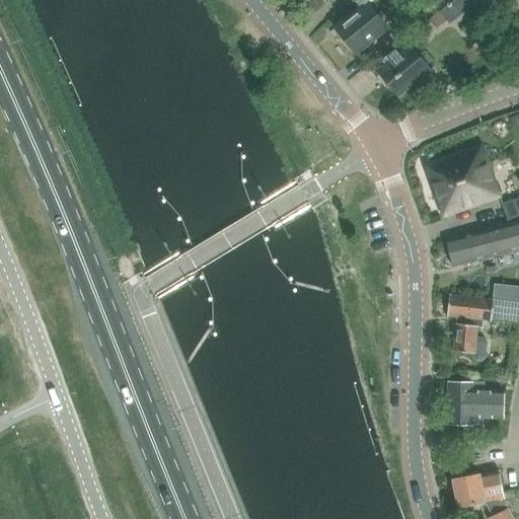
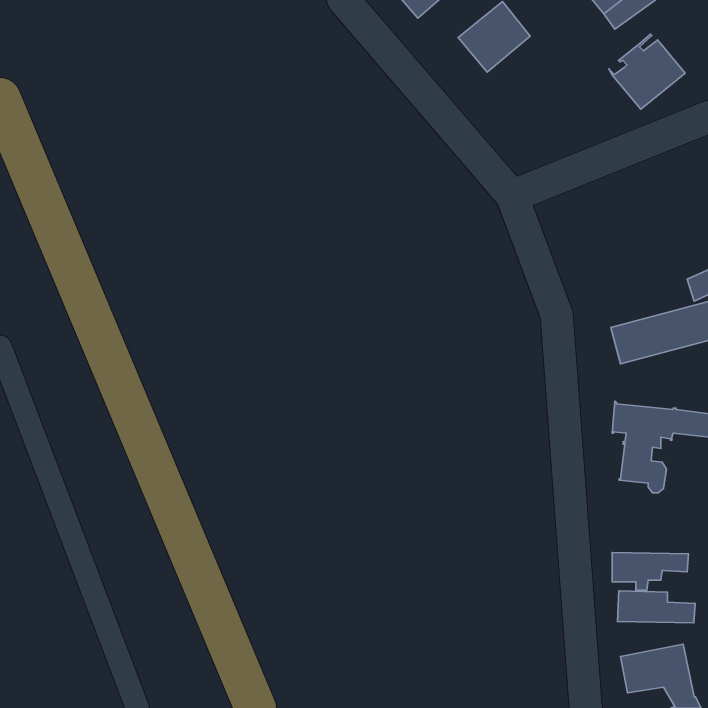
building: [375,41,431,95] -> [609,34,685,109]
building: [427,145,500,216] -> none
building: [448,381,505,404] -> [617,591,695,623]

